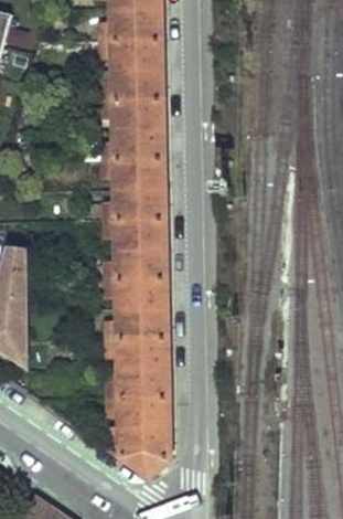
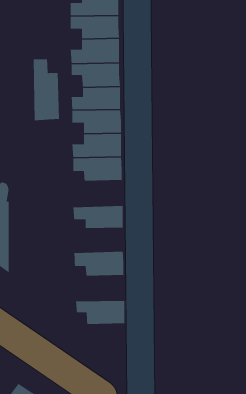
building: none -> [33,58,60,121]
building: [104,247,168,280] -> none
building: [105,307,168,338] -> none
building: [106,367,170,399] -> none
building: [107,427,170,476] -> none

